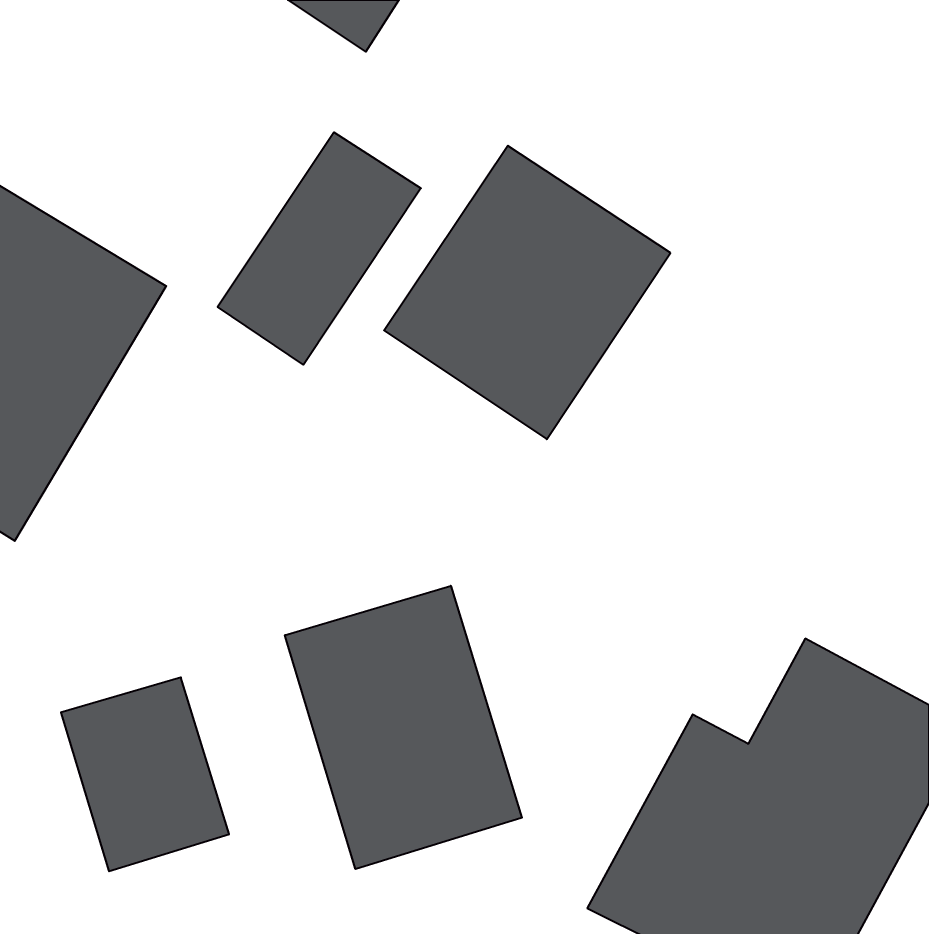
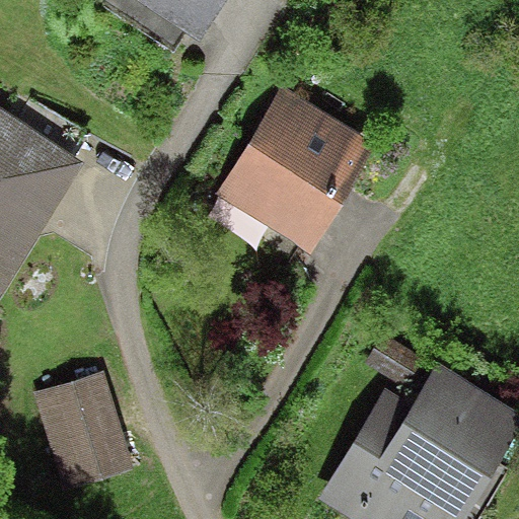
building: [218,132,421,365] -> none
building: [285,586,522,869] -> none

